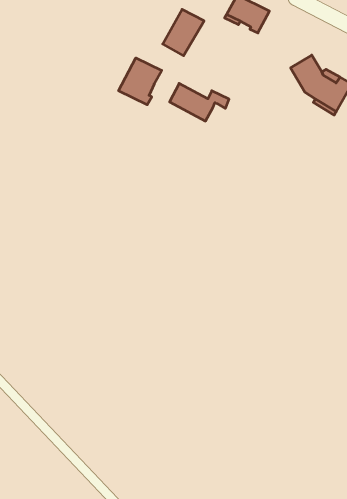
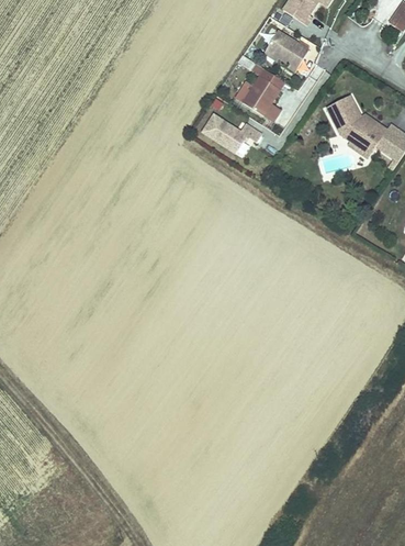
building: [163,9,204,56] -> [244,68,286,114]
building: [119,58,162,105] -> none

